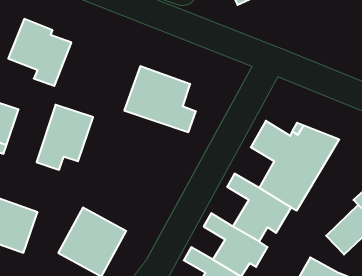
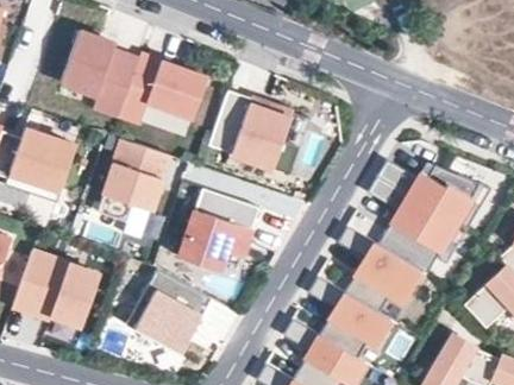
building: none -> [123,56,208,122]
building: none -> [181,188,261,271]

